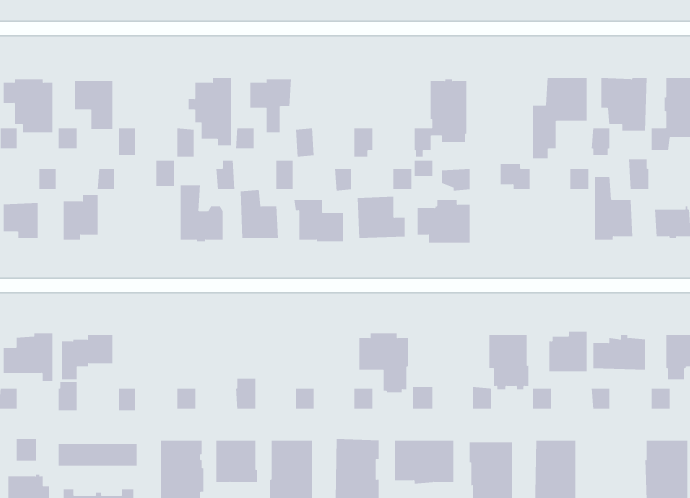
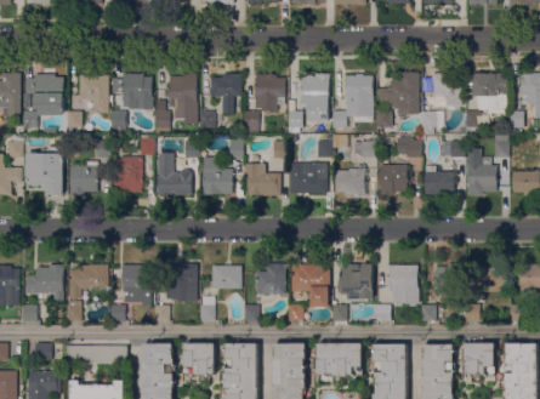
building: none -> [112,73,152,109]
building: none -> [376,73,419,127]
building: none -> [255,74,284,112]
building: none -> [301,74,329,121]
building: none -> [113,156,142,194]
building: none -> [379,165,408,194]
building: none -> [425,165,453,194]
building: none -> [256,263,285,293]
building: none -> [337,263,373,298]
building: none -> [123,264,150,306]
building: none -> [166,264,198,301]
building: none -> [212,266,241,287]
building: none -> [465,343,495,374]

